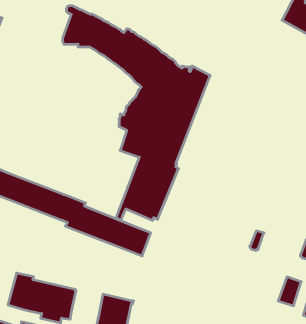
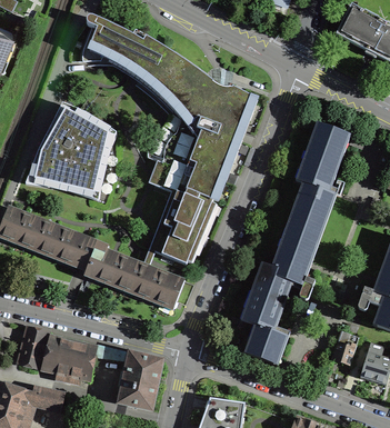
building: none -> [27,104,116,200]
building: none -> [246,125,347,364]

